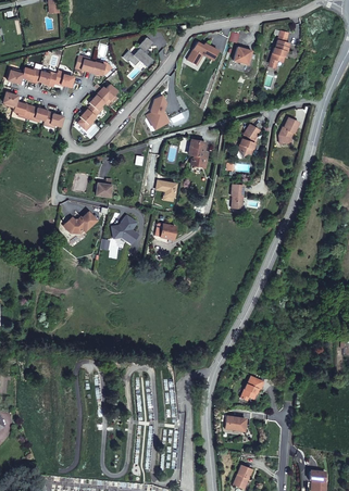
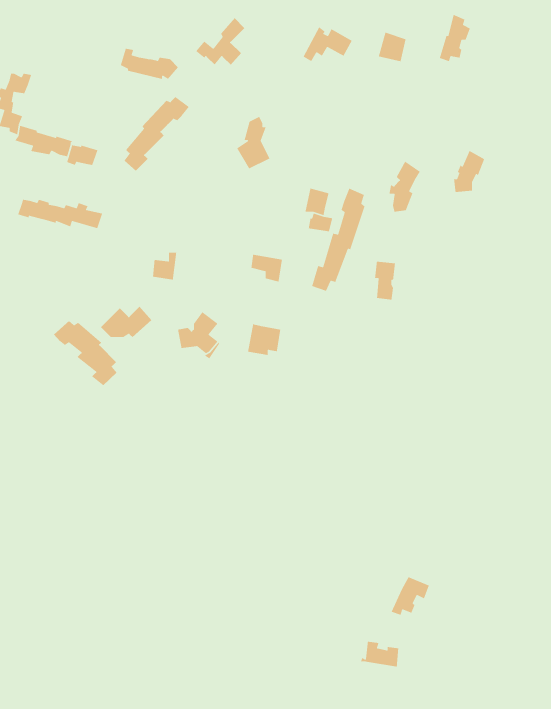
building: [21,68,73,87] -> [17,199,103,229]
building: none -> [311,187,365,292]
building: none -> [53,320,118,386]

